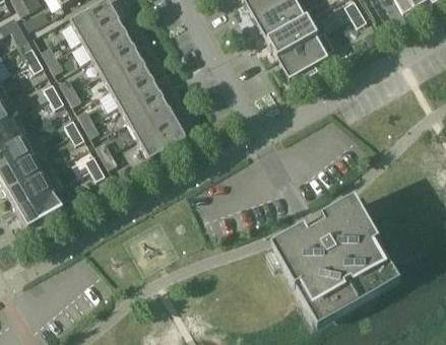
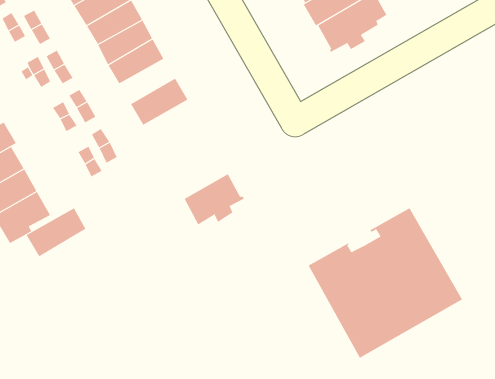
building: [118,82,164,119] -> none
building: [137,116,186,157] -> [184,174,244,225]
building: none -> [26,207,86,257]

